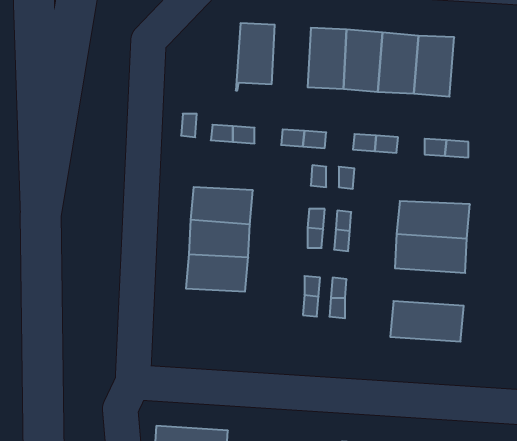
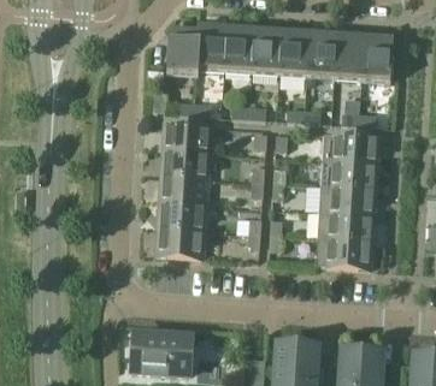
building: none -> [167,24,200,76]
building: none -> [224,25,254,73]
building: none -> [361,35,393,82]
building: none -> [164,124,211,153]
building: none -> [323,133,378,164]
building: none -> [318,213,373,242]
building: none -> [157,228,204,257]

